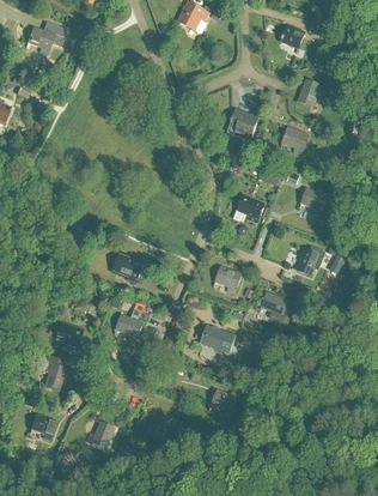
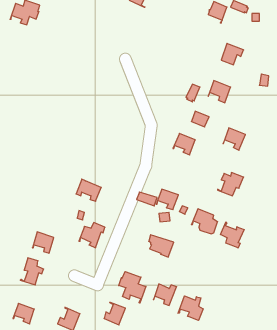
building: [231,108,261,140] -> none
building: none -> [221,222,244,248]
building: none -> [119,272,146,303]
building: none -> [178,296,203,320]

